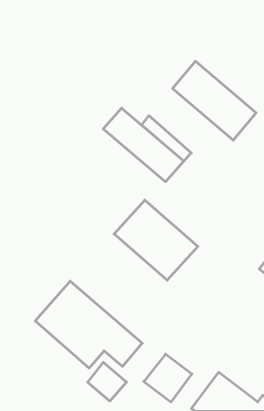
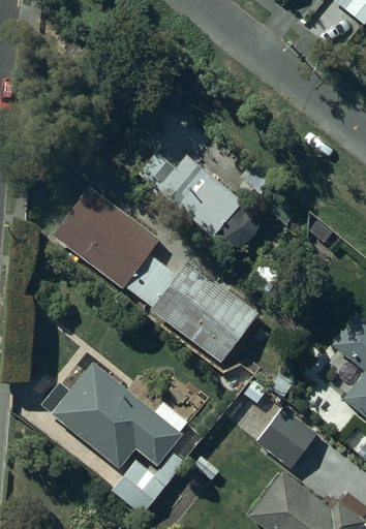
building: [173,61,256,140] -> none
building: none -> [55,186,157,283]
building: [144,354,192,402] -> [256,410,316,470]

